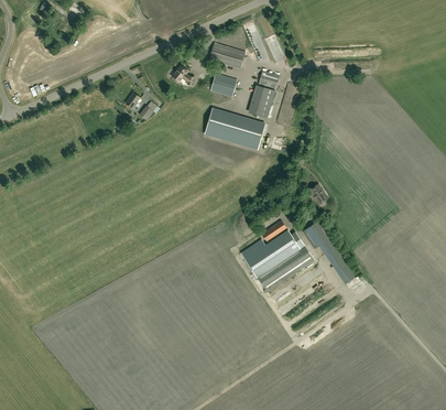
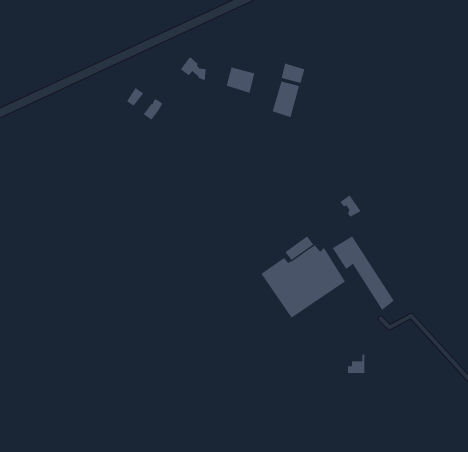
building: [208,43,244,68] -> none
building: [206,108,264,148] -> none

